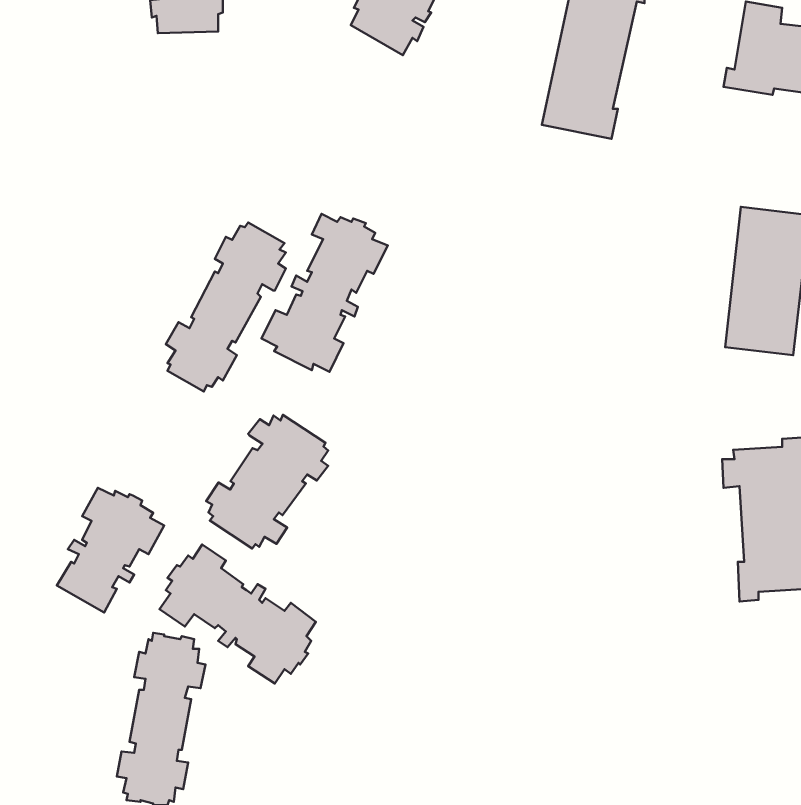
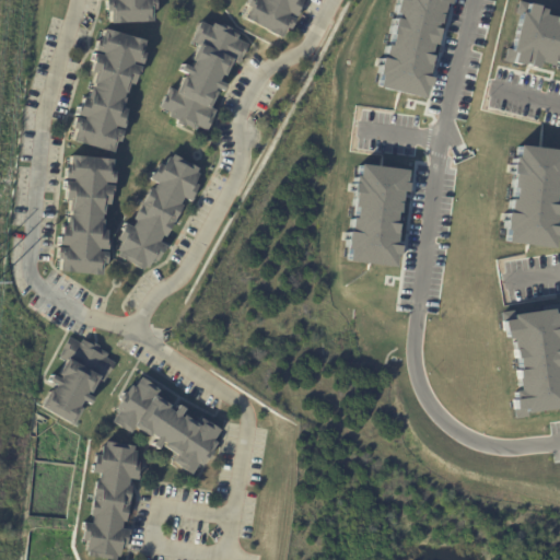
building: none -> [75,30,149,154]
building: [261,214,388,372] -> [162,21,249,130]
building: none -> [60,156,119,278]
building: none -> [348,163,409,265]
building: [206,415,328,548] -> none

